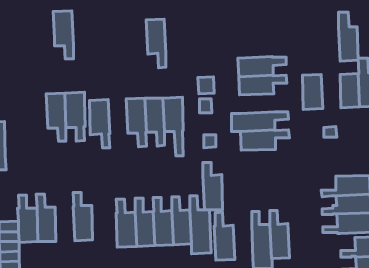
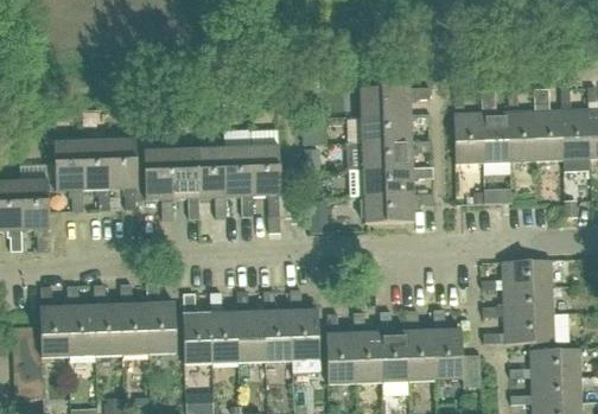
building: [53,11,73,59] -> [53,140,83,210]
building: [338,12,358,61] -> [481,90,509,161]
building: [146,19,166,68] -> [171,147,199,218]
building: none -> [362,139,432,168]
building: none -> [20,179,50,249]
building: [203,162,223,210] -> [352,312,381,381]
building: none -> [147,282,177,352]
building: none -> [94,285,122,355]
building: none -> [432,308,482,386]

